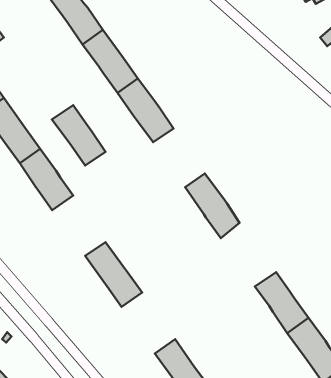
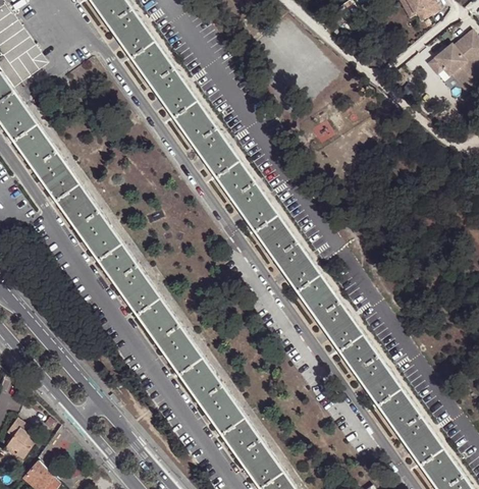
building: [52,105,105,165] -> [103,253,167,325]
building: none -> [224,172,286,242]
building: none -> [306,285,372,362]
building: none -> [187,369,251,442]

